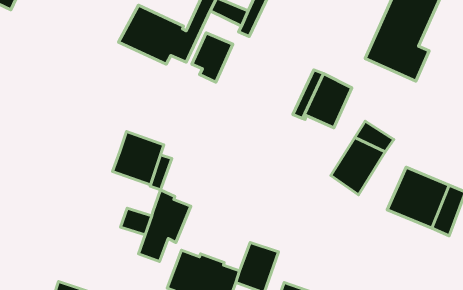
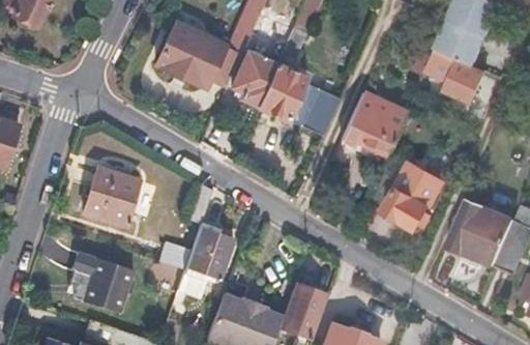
building: none -> [258,65,307,122]
building: none -> [301,87,342,138]
building: [112,132,164,185] -> [83,170,139,228]
building: none -> [80,260,131,316]

